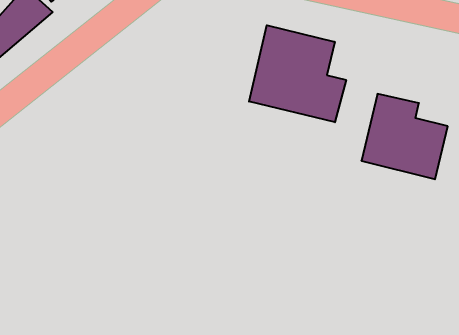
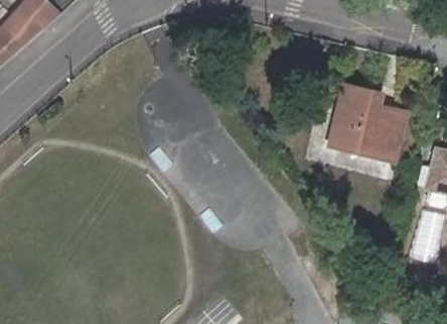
building: [249,25,346,122] -> none

